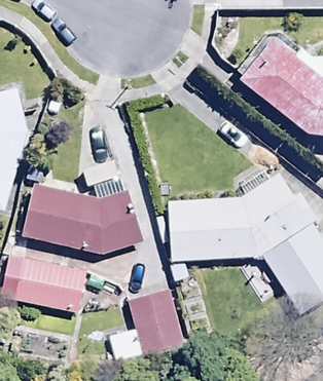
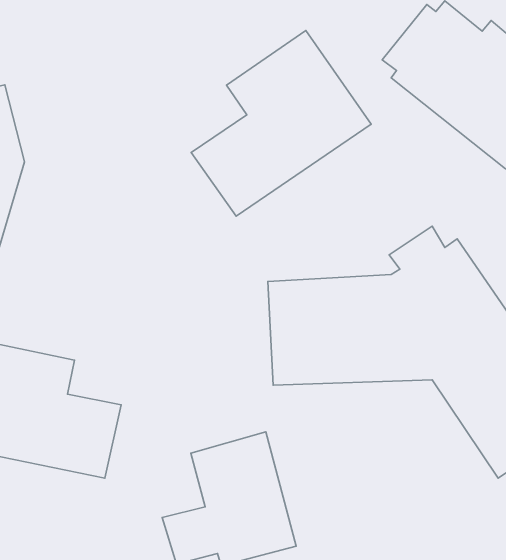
building: none -> [191,31,371,216]
building: [21,175,143,253] -> none

